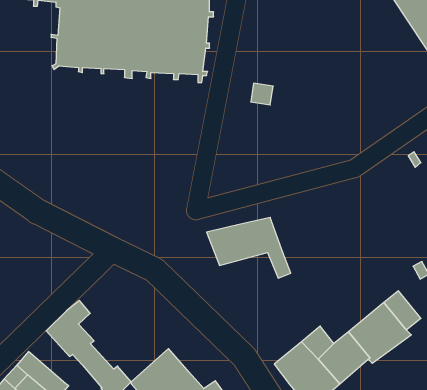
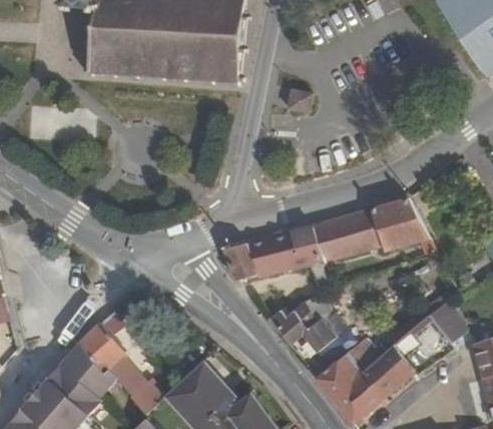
building: none -> [309,198,433,263]
building: none -> [221,242,258,282]
building: none -> [268,293,344,352]
building: none -> [62,343,117,397]

